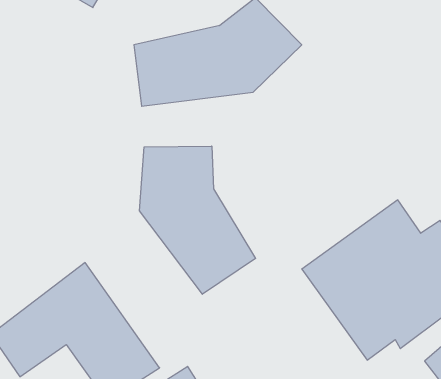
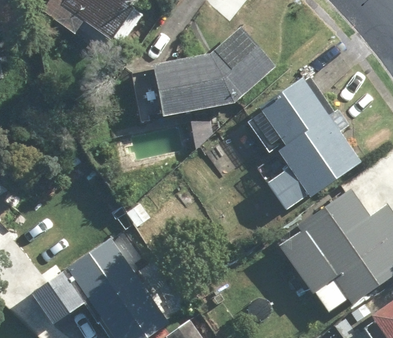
building: none -> [264,80,356,206]
building: [140,146,256,294] -> none

